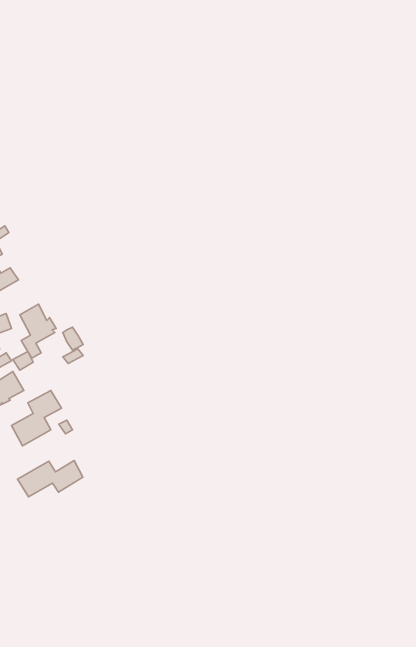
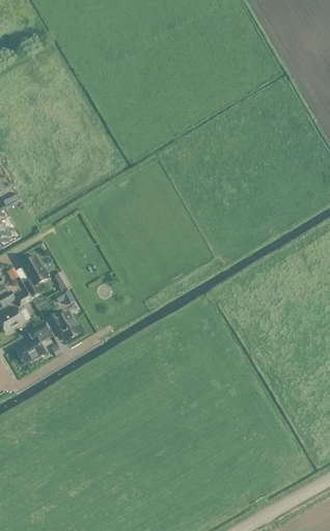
building: none -> [46,312,80,340]
building: [18,461,83,497] -> none

